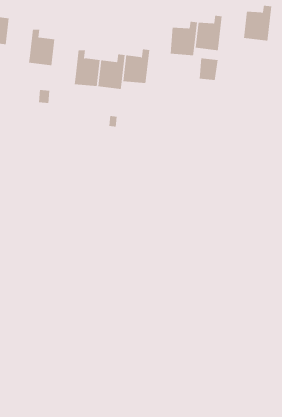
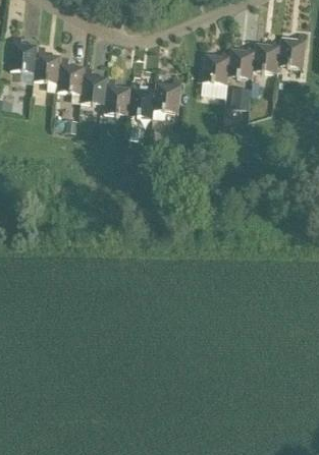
building: none -> [253,37,280,73]
building: none -> [33,45,60,83]
building: none -> [79,66,107,105]

